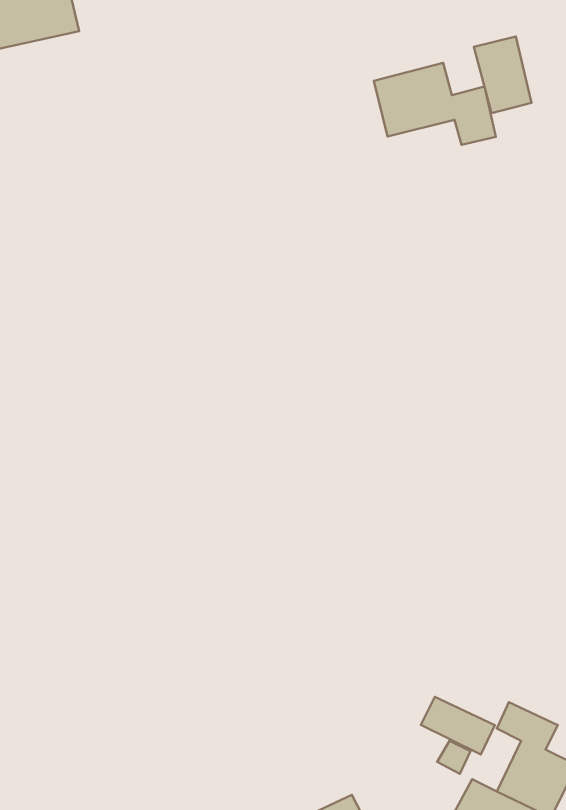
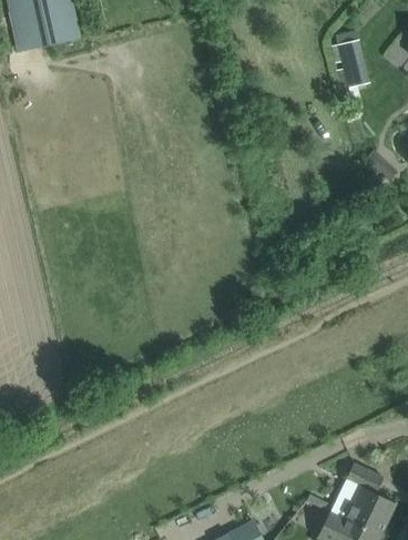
building: [374,63,496,145] -> none
building: [421,697,495,755] -> none

